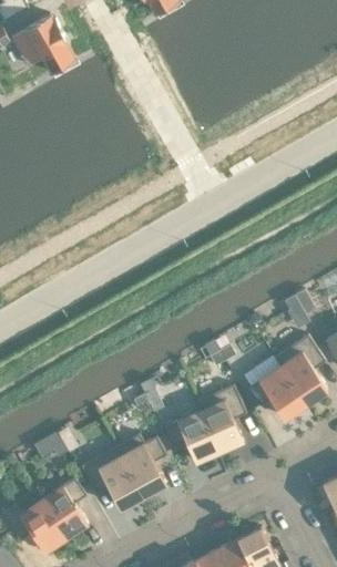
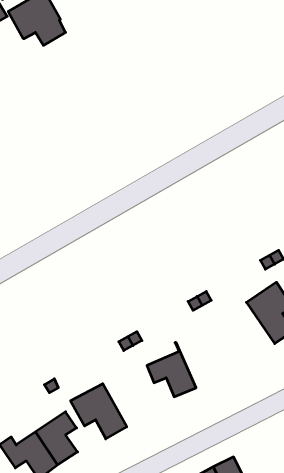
building: [246,359,305,420] -> none
building: [196,386,246,455] -> none
building: [115,435,166,496] -> none

